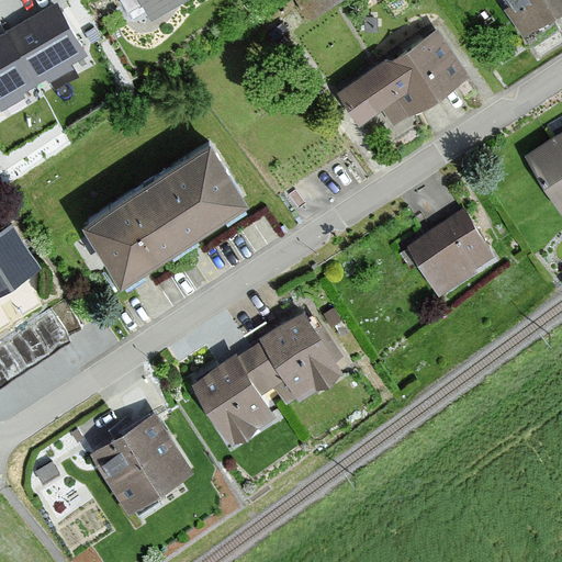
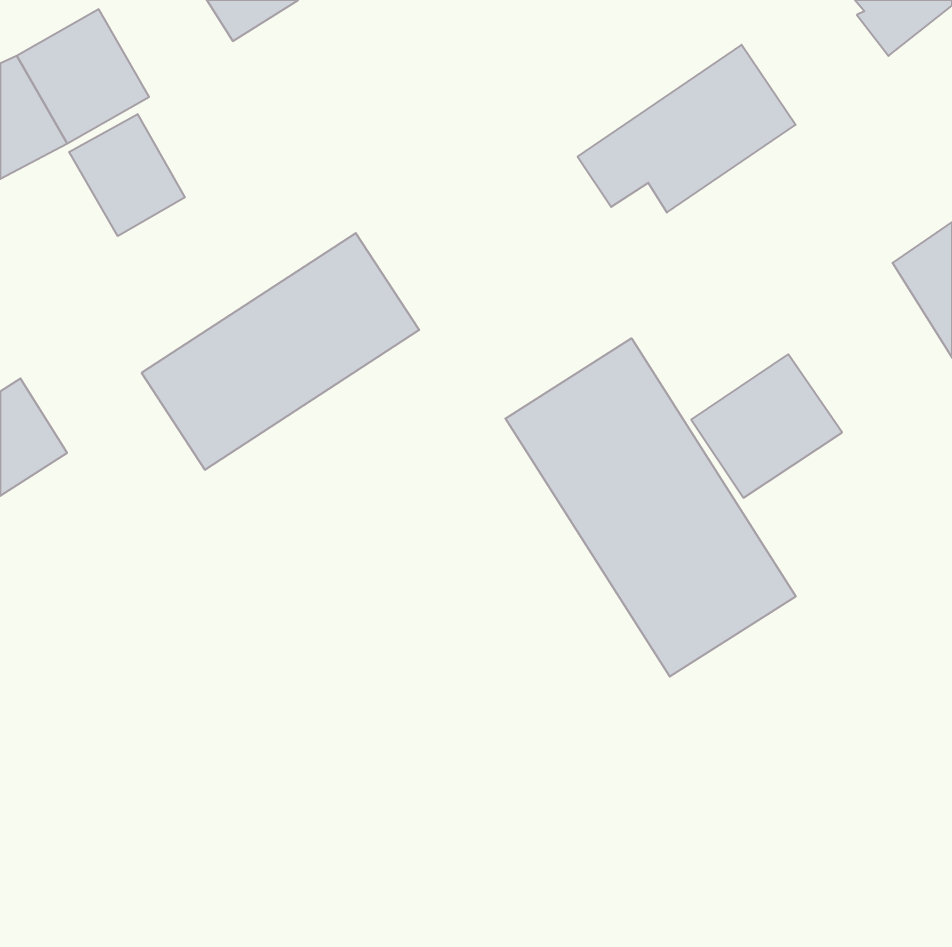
building: none -> [69,114,185,236]
building: none -> [505,338,796,677]
building: [192,310,344,443] -> none
building: [89,415,190,513] -> none

